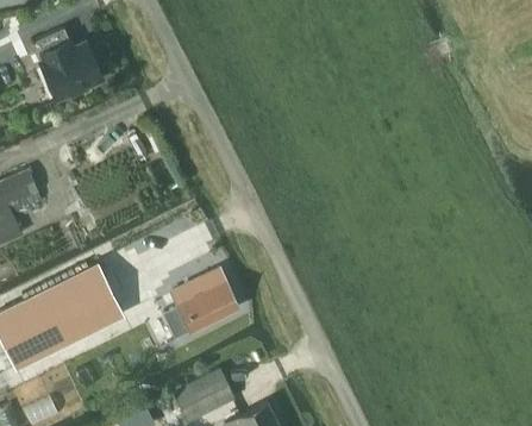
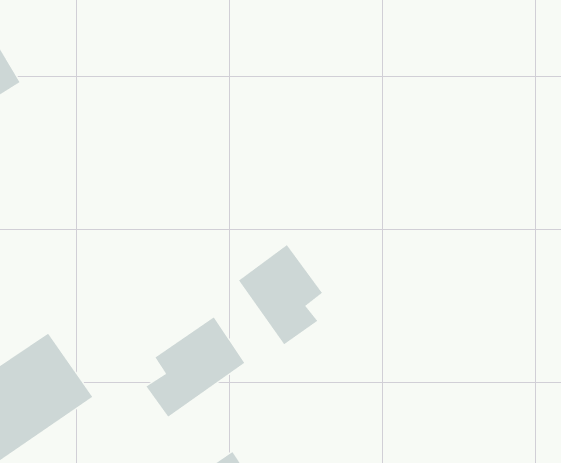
building: none -> [238,244,323,345]

